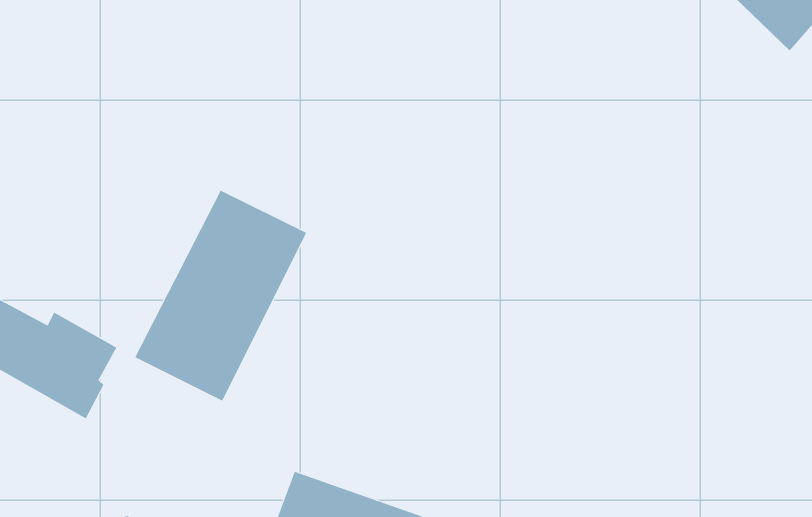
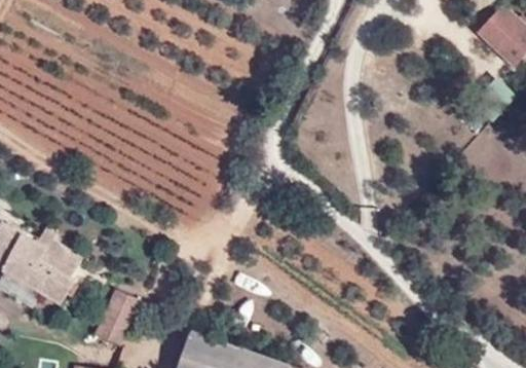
building: [135,190,307,402] -> none
building: none -> [95,289,138,342]

